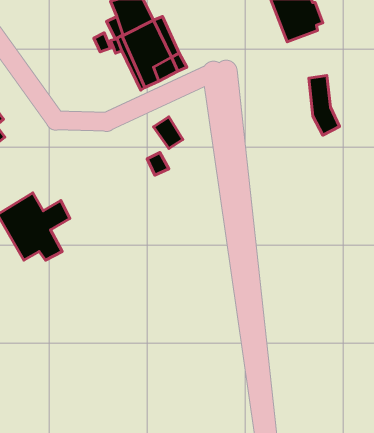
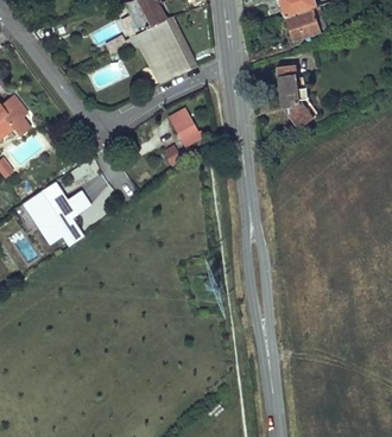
building: [309,76,339,135] -> [279,69,308,125]

